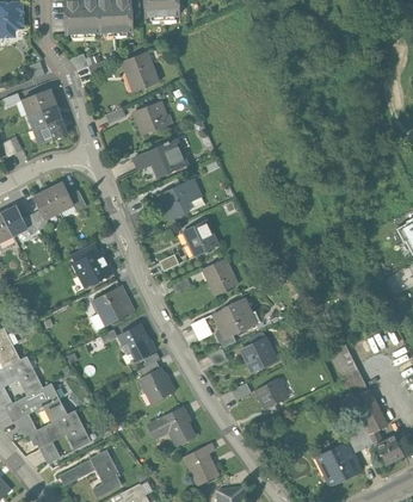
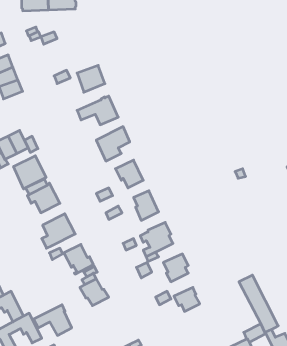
building: [124,51,160,91] -> none
building: none -> [14,156,46,189]
building: [147,407,195,445] -> [33,305,72,335]

